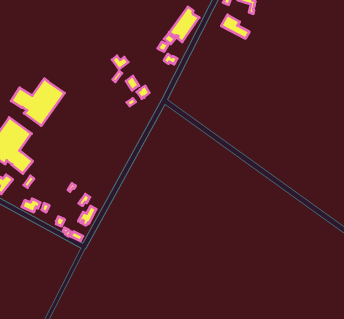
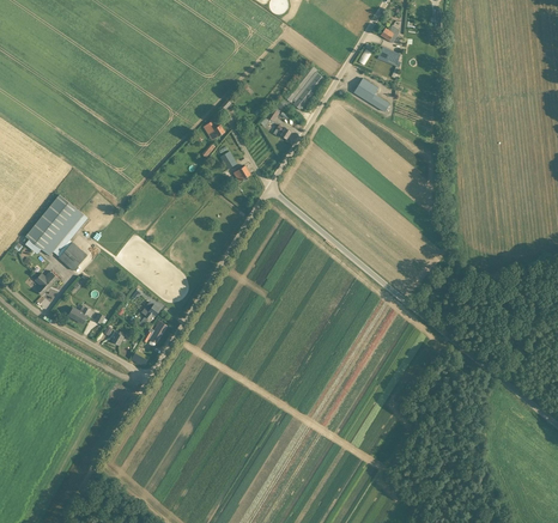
building: [11,79,65,126] -> none

